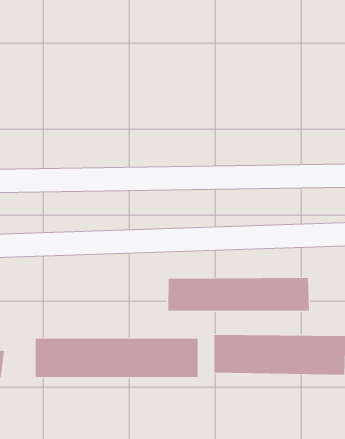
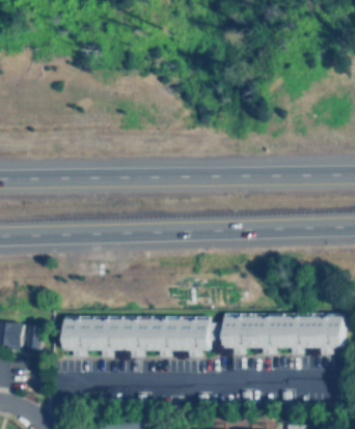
building: [168,277,309,311] -> none

